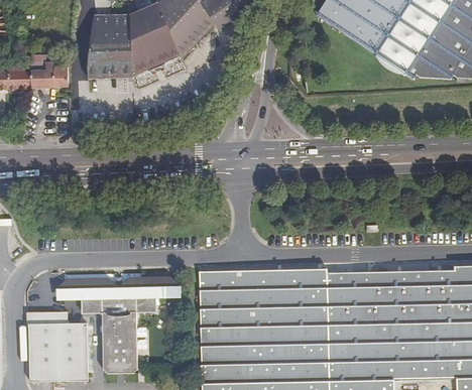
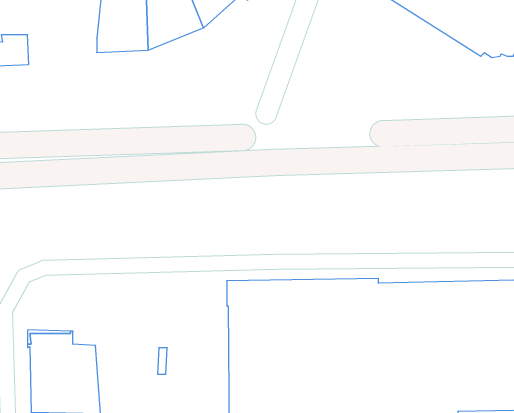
building: [30,55,69,88] -> none
building: [67,276,176,375] -> none

